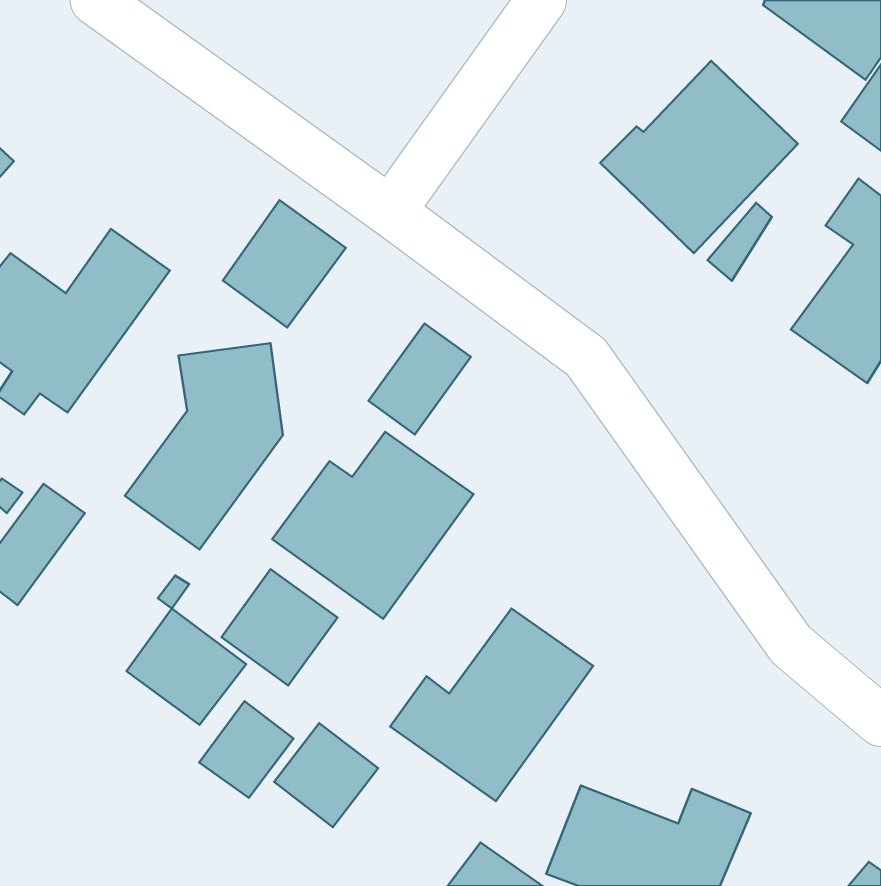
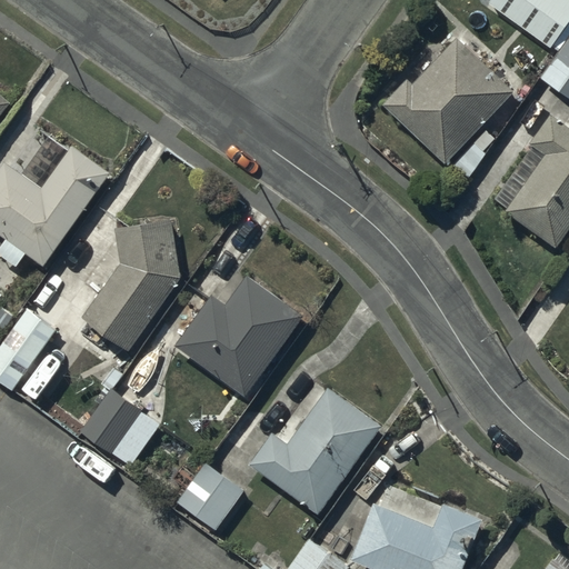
building: [223,200,346,327] -> none
building: [369,323,471,434] -> none
building: [222,569,337,685] -> none
building: [199,701,293,798] -> none

